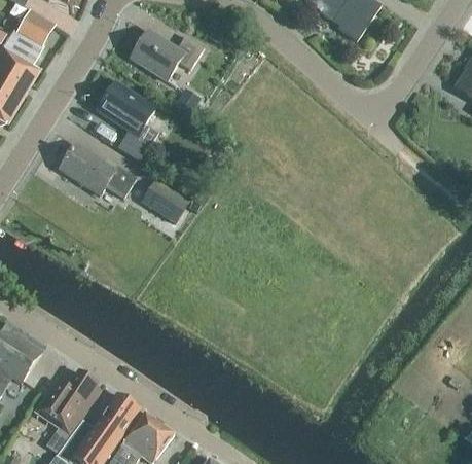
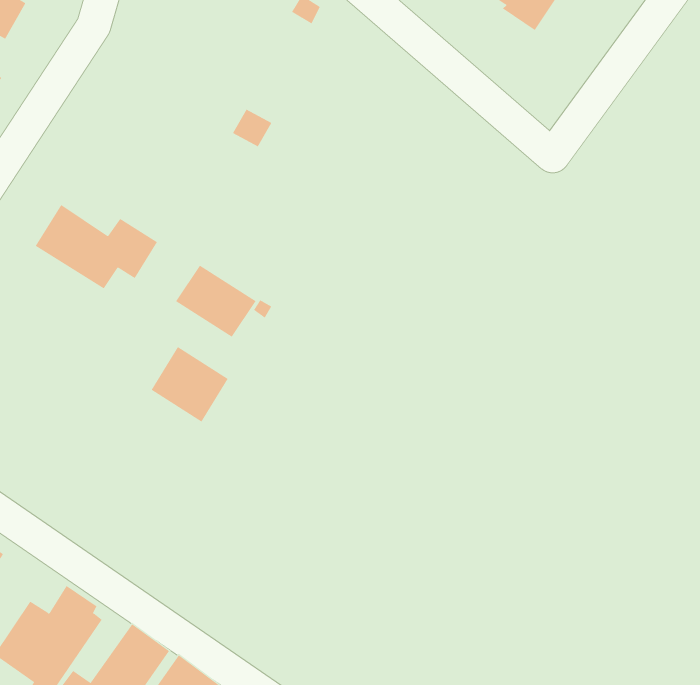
building: [130,30,204,81] -> none
building: [97,82,157,162] -> none
building: none -> [151,346,228,422]

